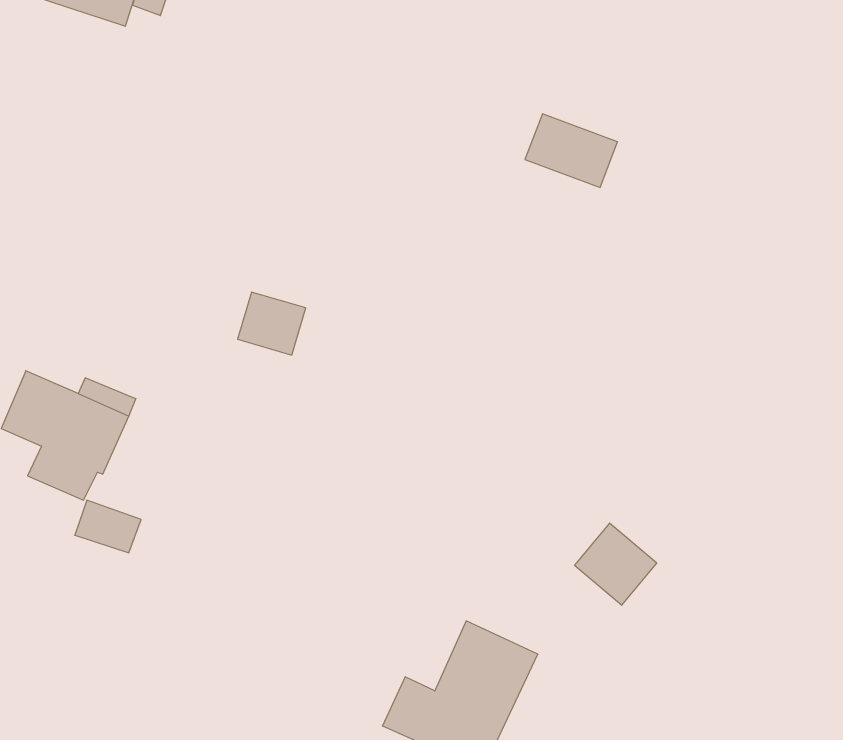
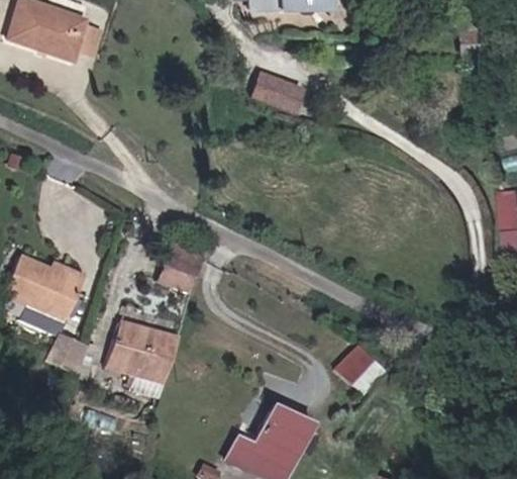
building: [525,114,618,187] -> [250,73,304,115]
building: [238,292,306,355] -> [158,256,197,292]
building: none -> [108,320,177,393]

